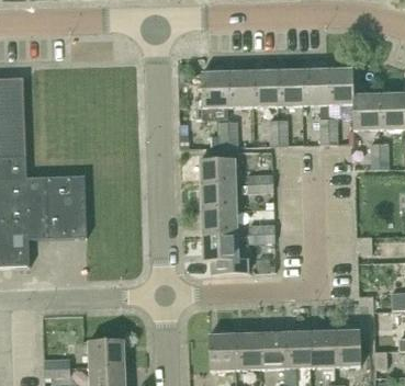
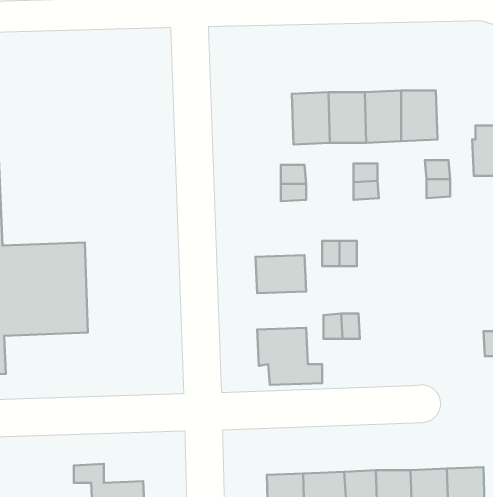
building: [327,68,355,103] -> none
building: [202,71,228,106] -> none
building: [202,158,236,184] -> none
building: [203,208,237,235] -> none

